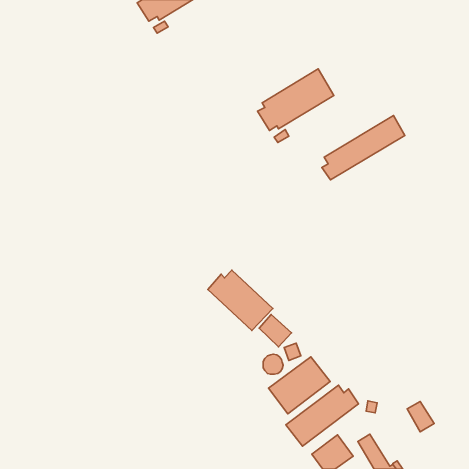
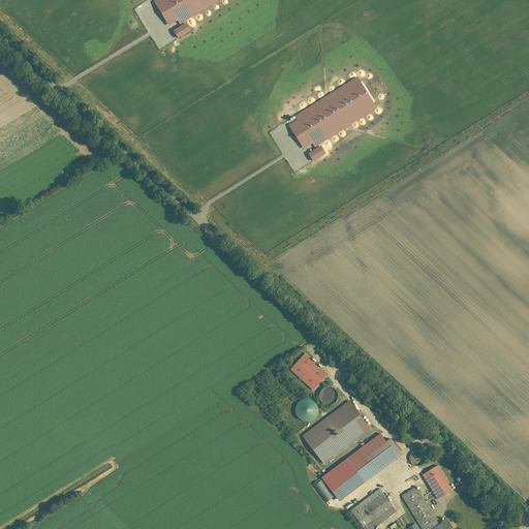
building: [322,115,405,180] -> none
building: [208,270,273,330] -> none
building: [407,401,434,432] -> [424,465,454,499]

